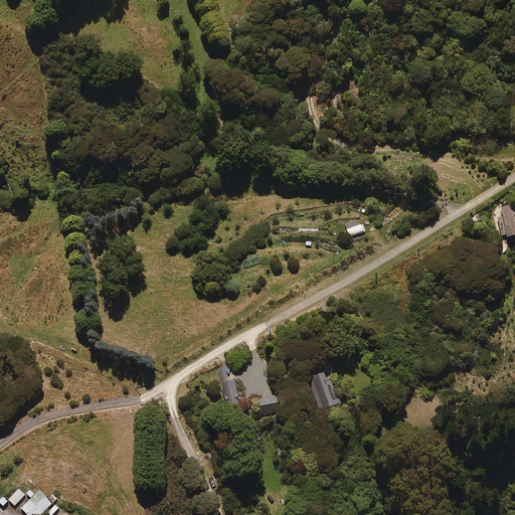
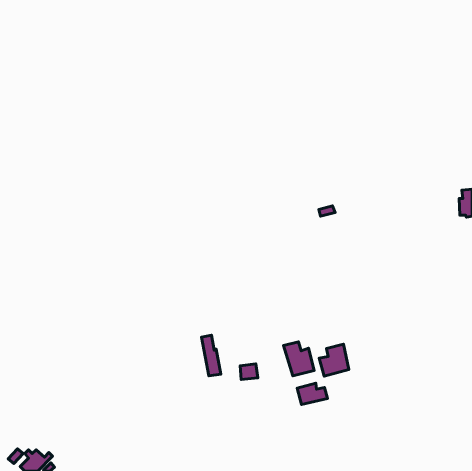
building: none -> [319,344,349,376]
building: none -> [297,383,328,405]

